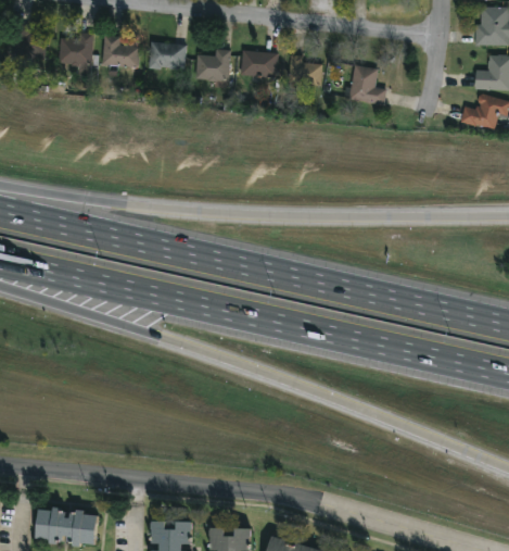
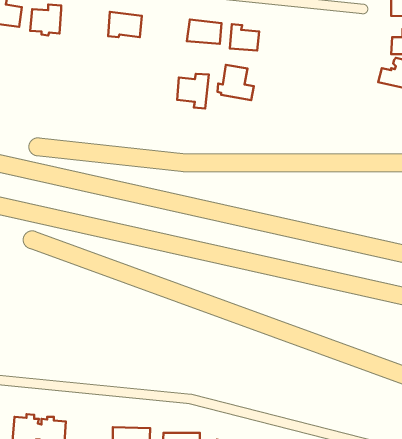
building: [101,34,138,67] -> none
building: [194,49,231,89] -> [177,74,209,108]
building: [344,64,386,105] -> [217,65,254,100]

